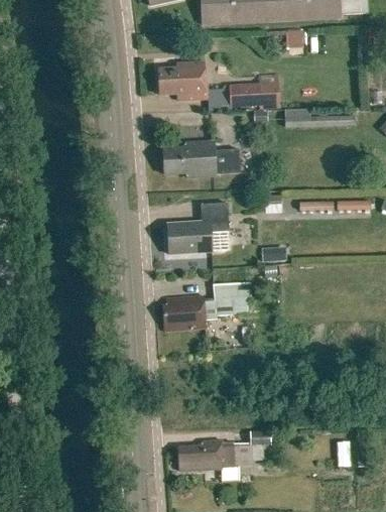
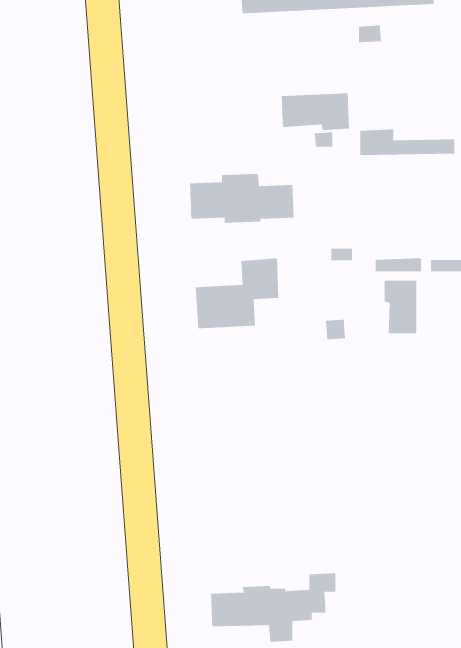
building: [158,61,207,99] -> none
building: none -> [384,280,417,334]
building: [212,282,251,316] -> none
building: [163,294,206,331] -> none

